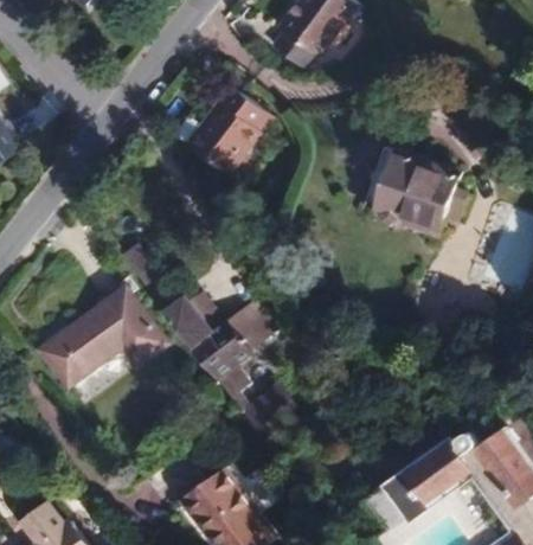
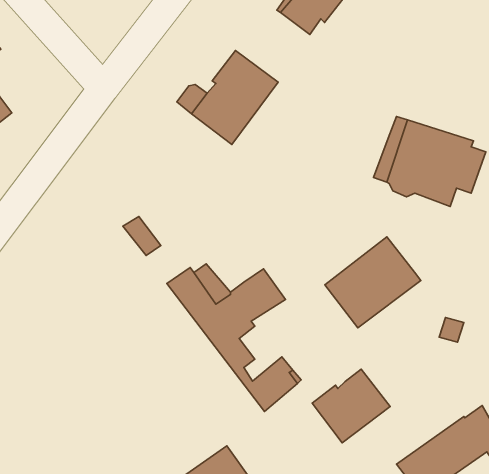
building: none -> [325,237,421,328]
building: [40,290,168,386] -> none
building: none -> [312,369,390,443]

